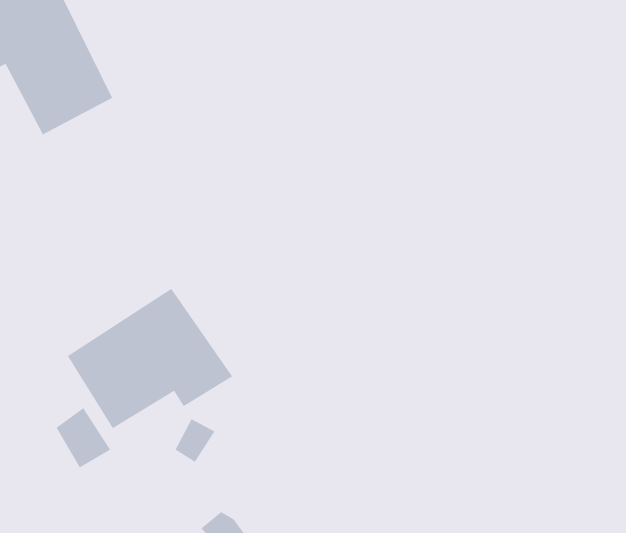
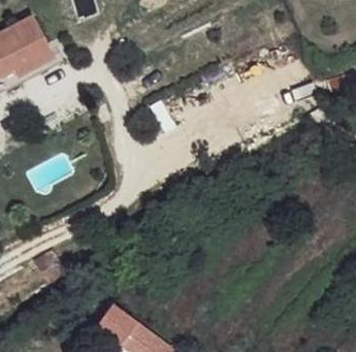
building: [67,288,233,429] -> none

